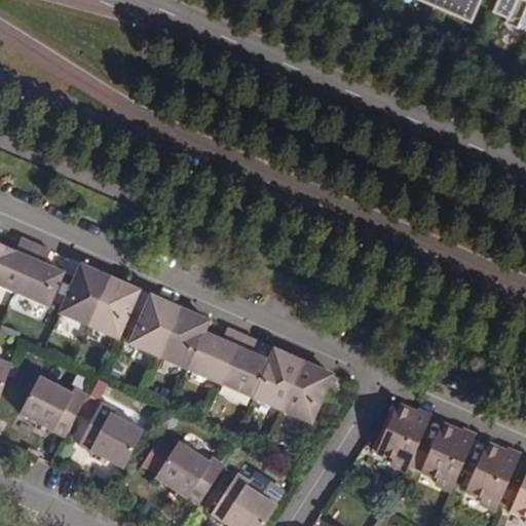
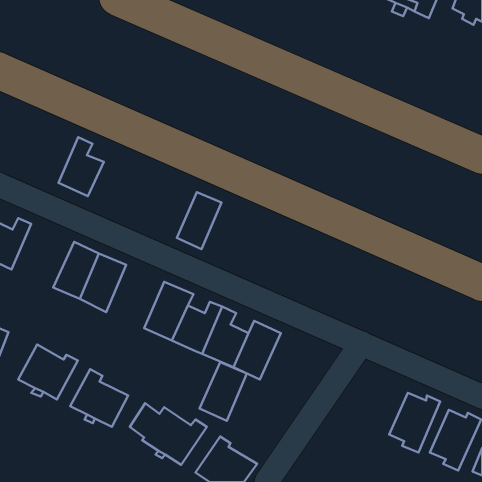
building: [12,242,62,306] -> [58,137,104,196]
building: [129,294,178,355] -> [177,192,222,249]
building: [281,361,333,424] -> [199,362,247,421]
building: [377,406,433,471] -> none

